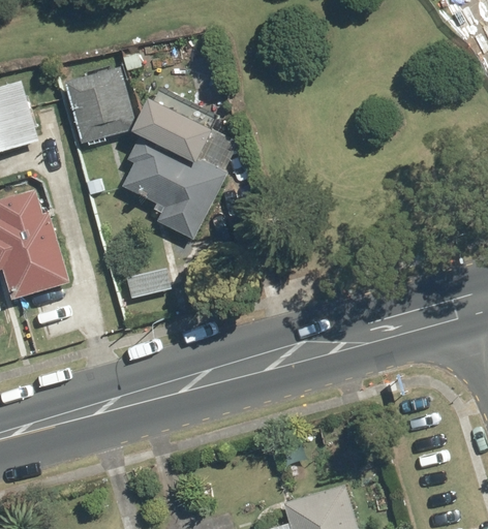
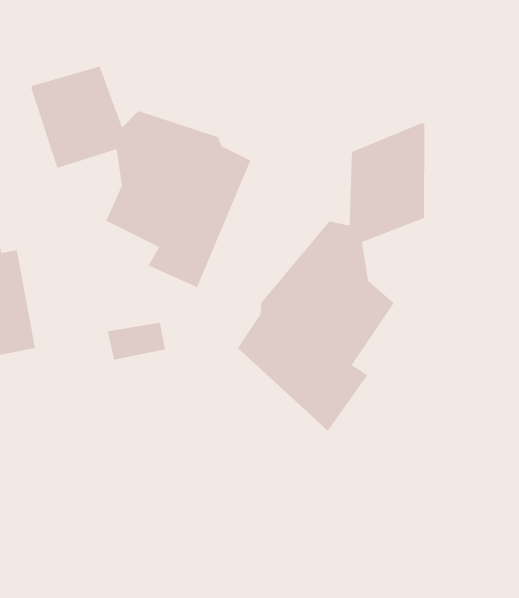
building: none -> [237,122,425,431]

